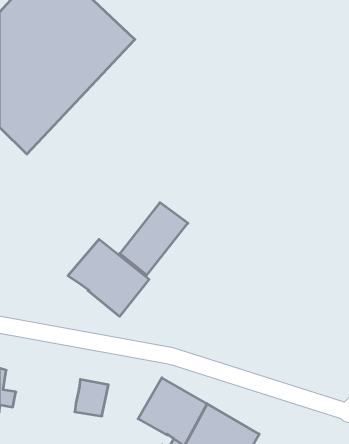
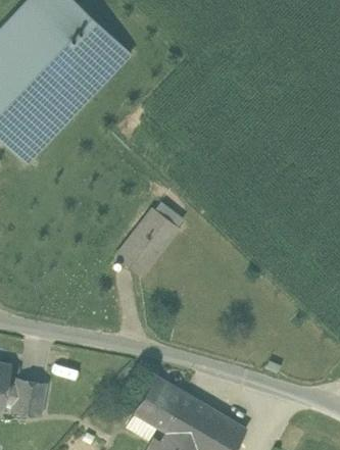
building: [68,239,149,316] -> none
building: [75,379,108,416] -> [12,380,44,414]

